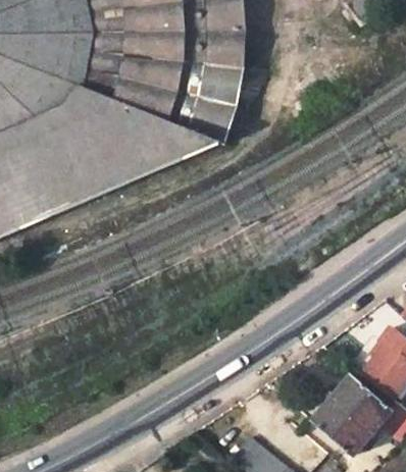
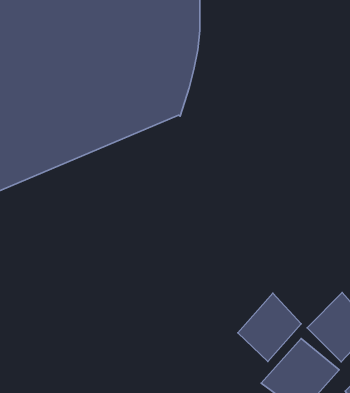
building: none -> [238,293,301,361]

